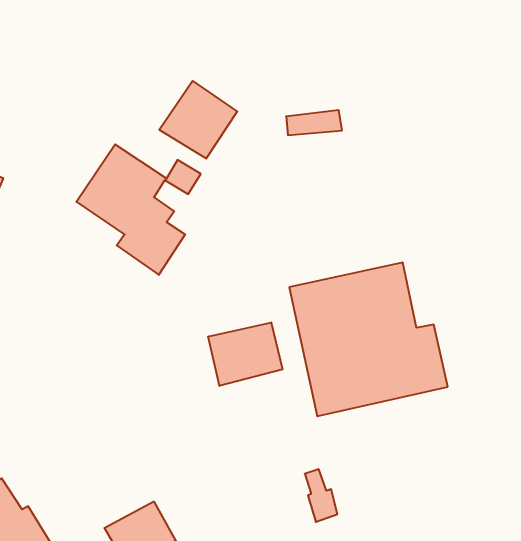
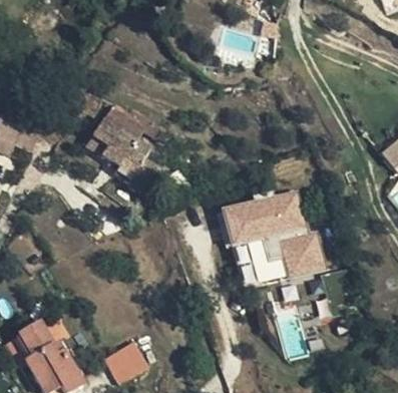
building: [159,81,237,159] -> none
building: [208,322,283,386] -> none

